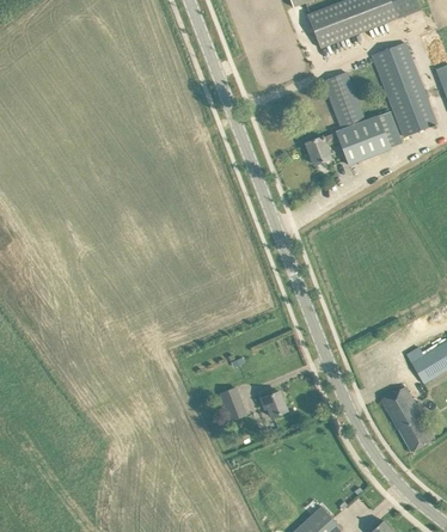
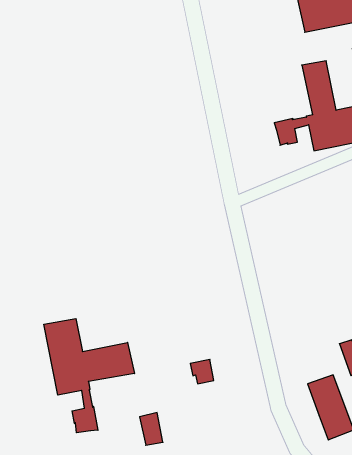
building: none -> [44,319,134,433]
building: [219,385,246,420] -> [140,413,163,445]

